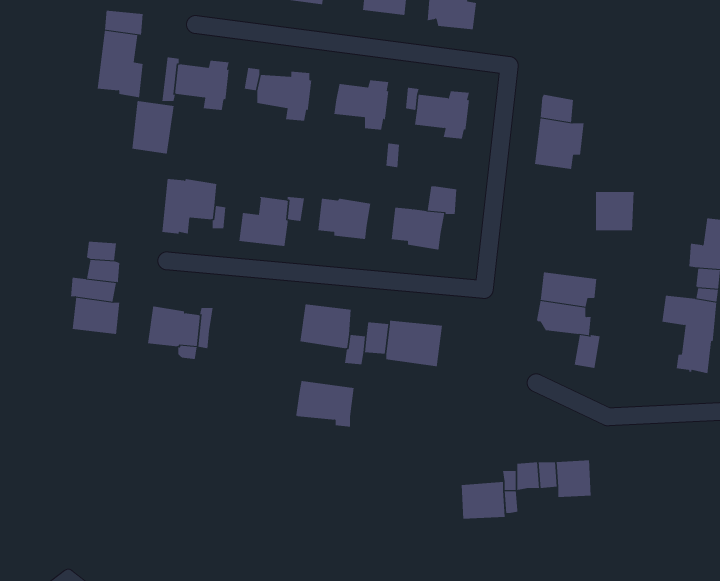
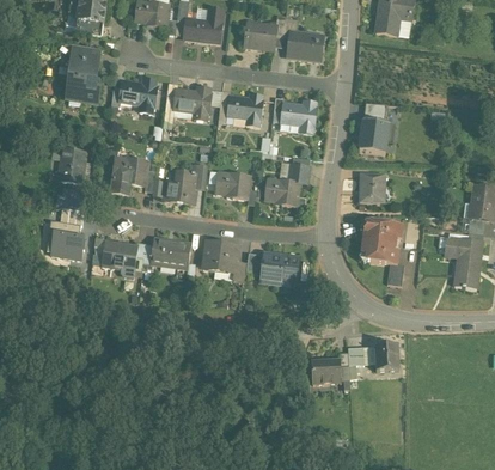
building: [131,100,175,154] -> [59,151,87,187]
building: [595,191,635,231] -> [359,173,385,200]
building: [295,381,354,427] -> [151,238,190,269]

